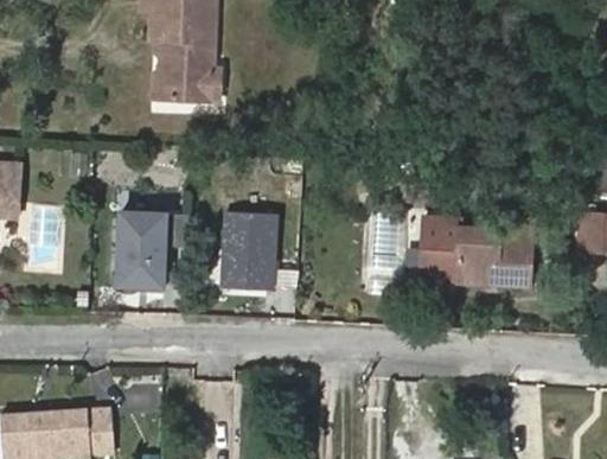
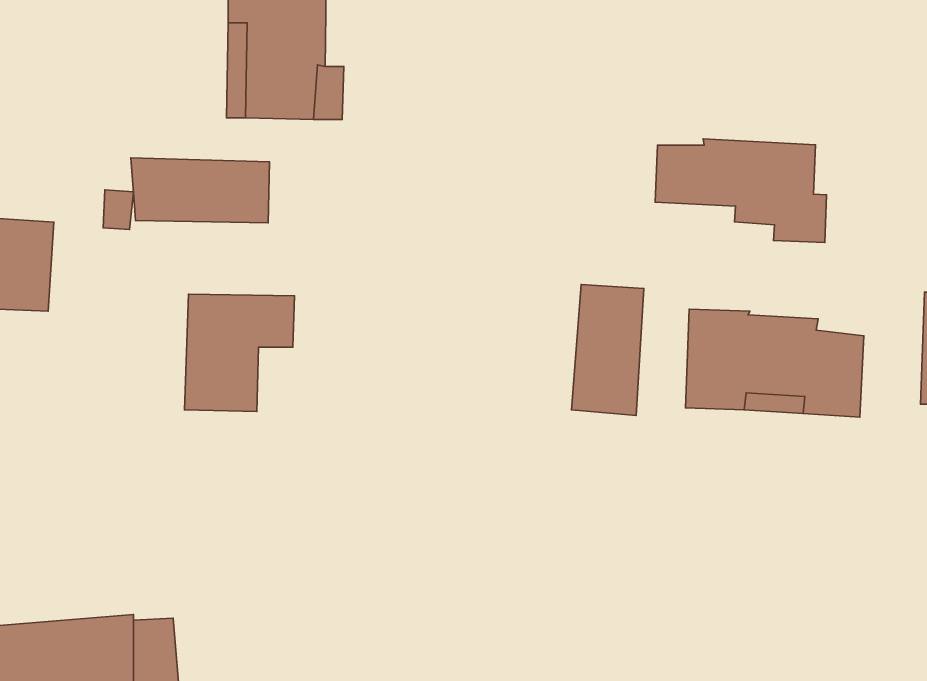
building: none -> [655,139,826,242]
building: none -> [131,158,269,223]
building: [219,210,271,287] -> none

